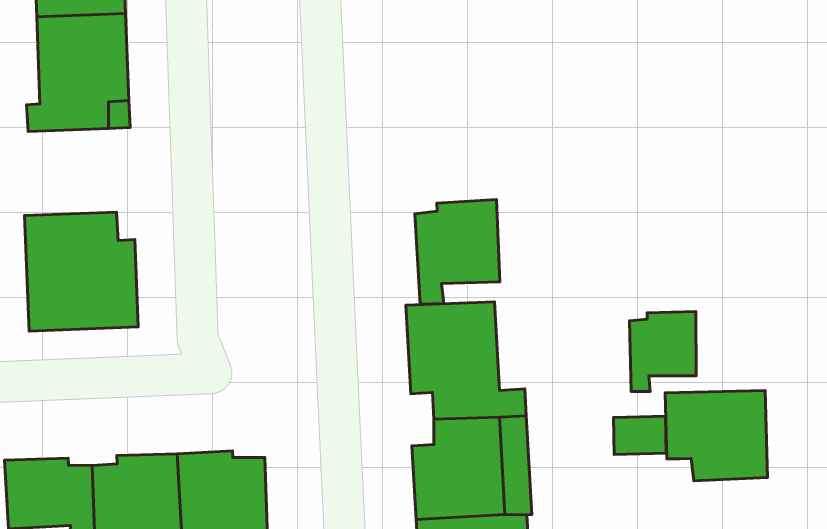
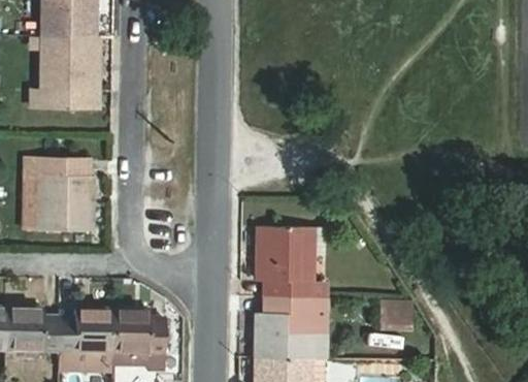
building: [415,200,500,304] -> none
building: [629,311,696,392] -> none
building: [665,390,767,481] -> none

